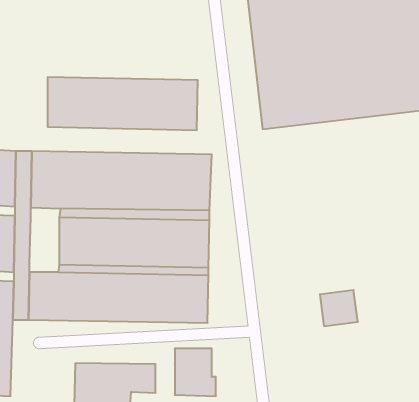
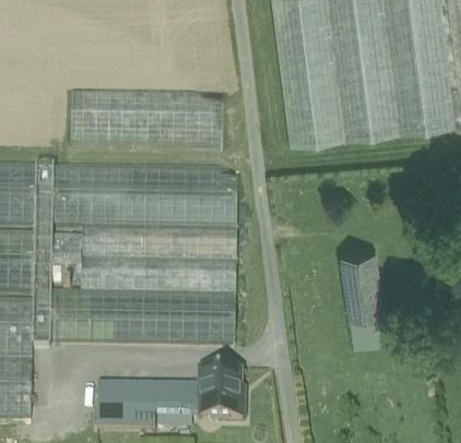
building: none -> [50,235,81,288]
building: none -> [341,247,385,314]
building: none -> [180,386,200,416]

